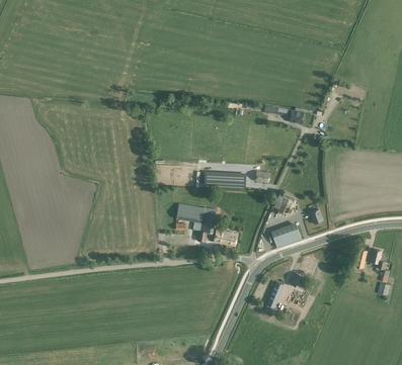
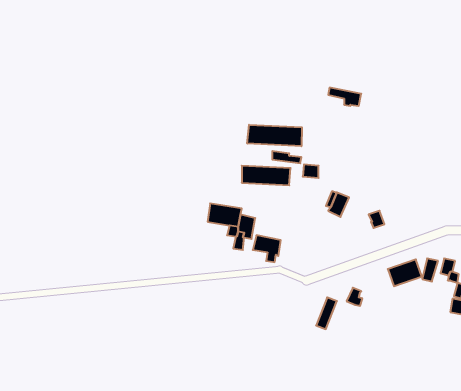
building: none -> [247,125,302,146]
building: [272,223,301,246] -> [388,259,422,286]

